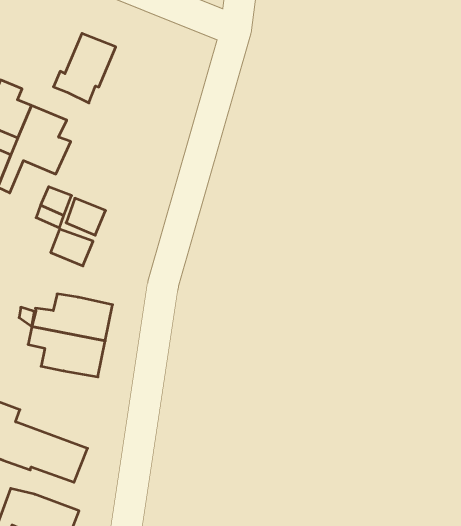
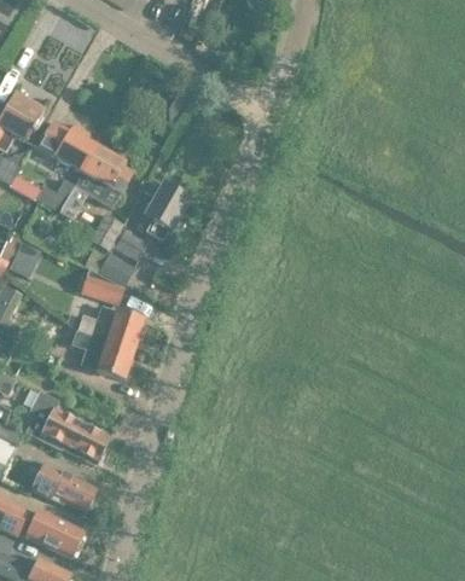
building: [53,33,116,103] -> [136,184,192,242]
building: none -> [83,268,126,303]

